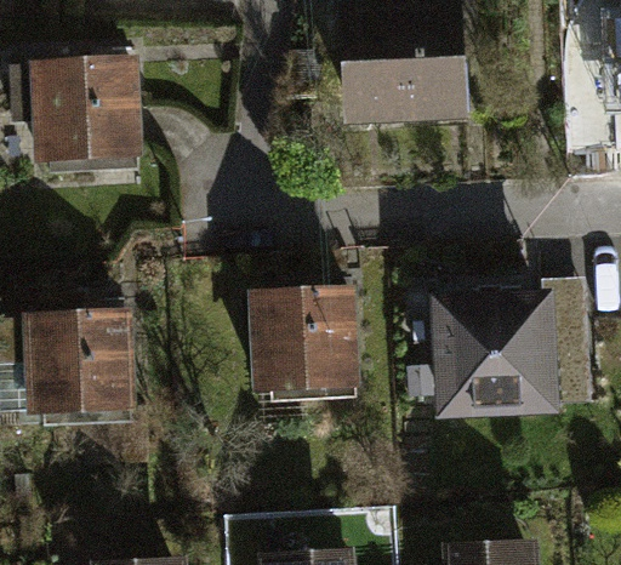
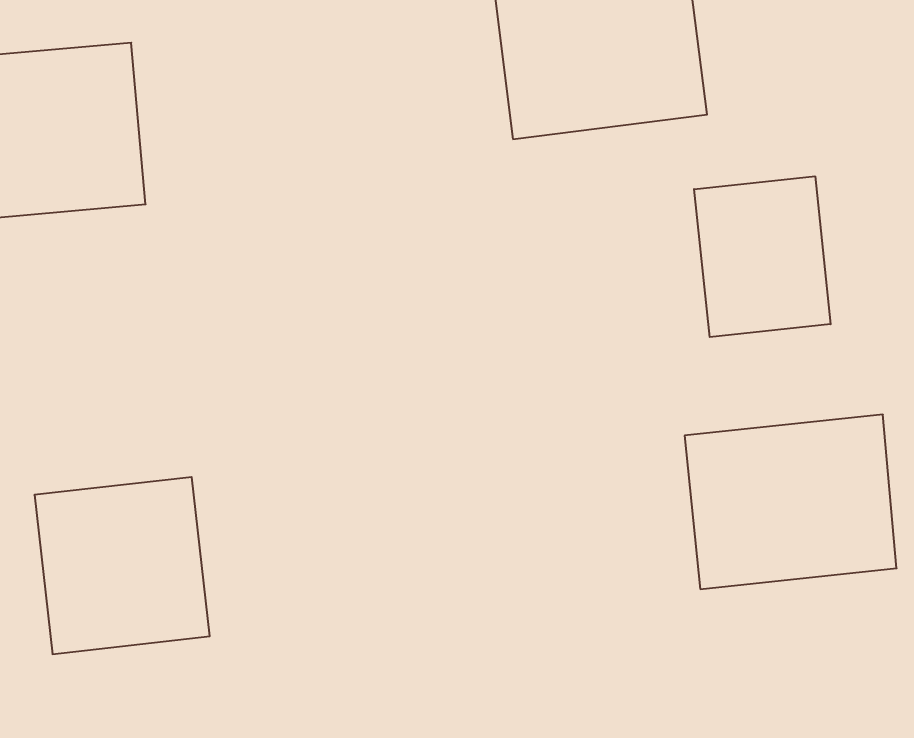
building: none -> [694,176,831,337]
building: [250,298,354,401] -> none

